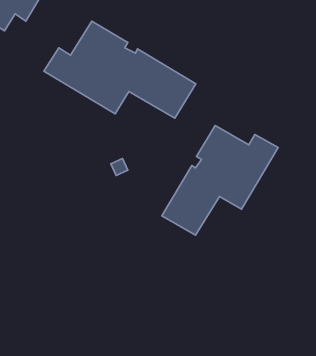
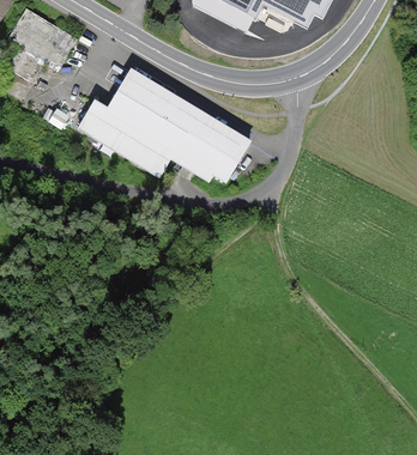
building: [162,126,278,235] -> none

